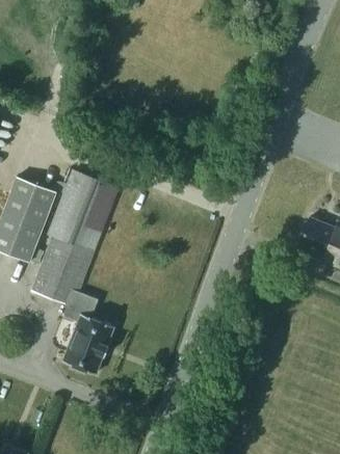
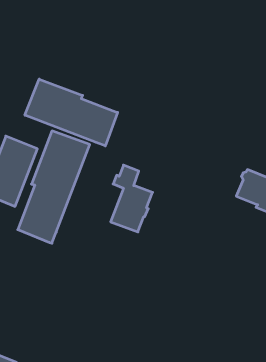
building: none -> [25,79,118,146]
building: [62,293,113,374] -> [111,165,153,232]

